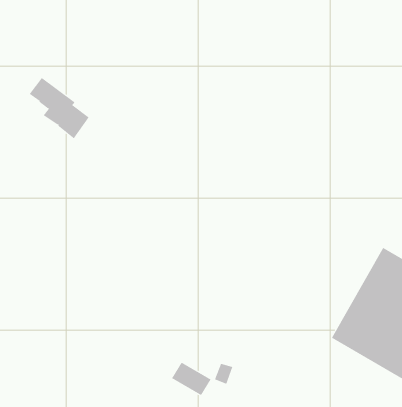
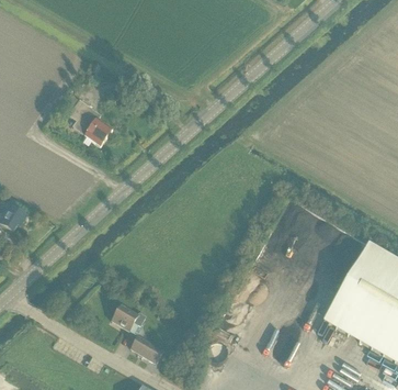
building: none -> [111,302,145,328]
building: [171,362,211,396] -> [128,333,163,363]

